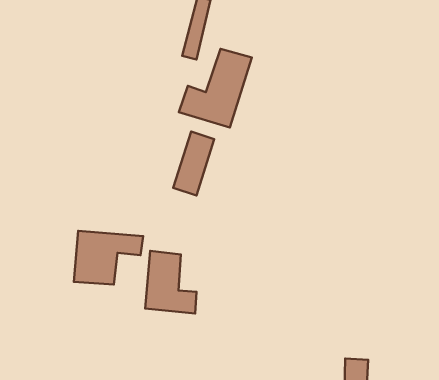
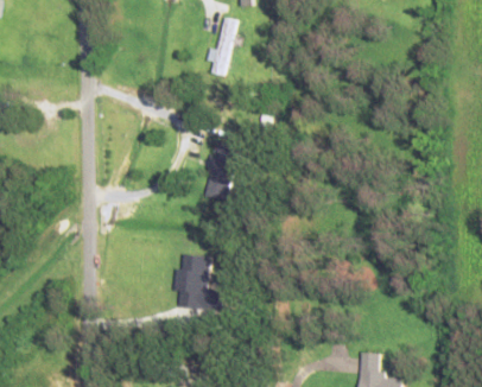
building: [179,49,252,127] -> none
building: [74,231,143,285] -> none

